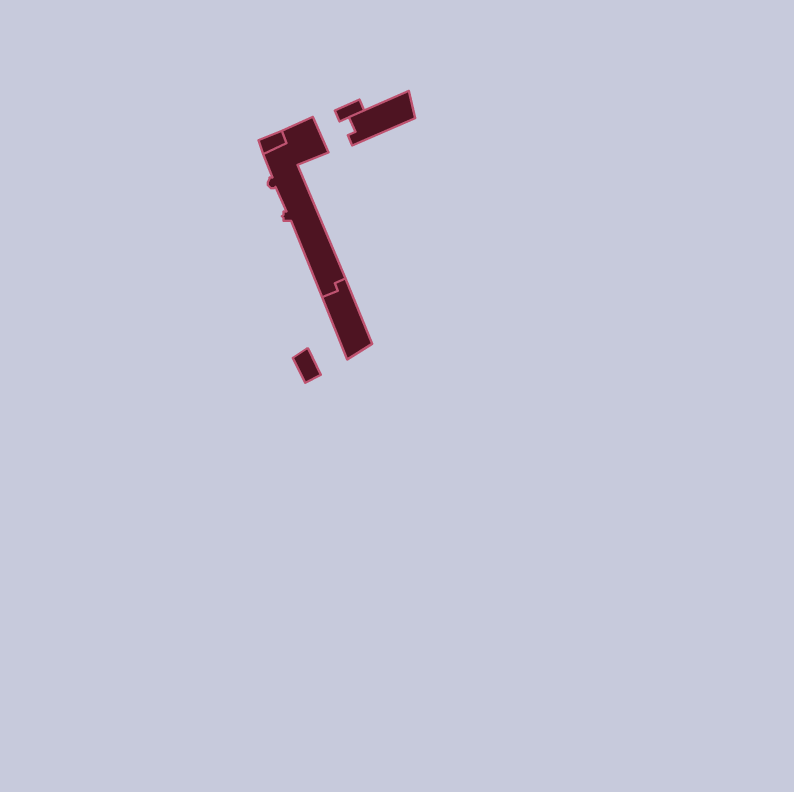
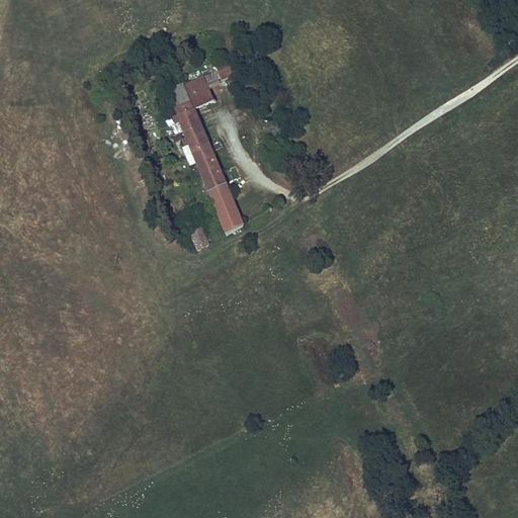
building: [348,91,415,146] -> none

